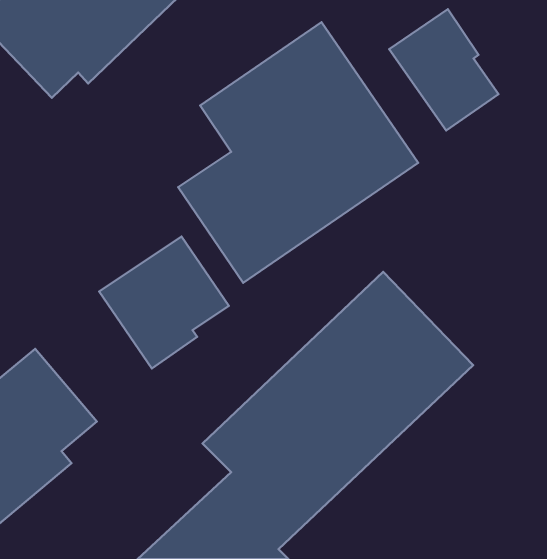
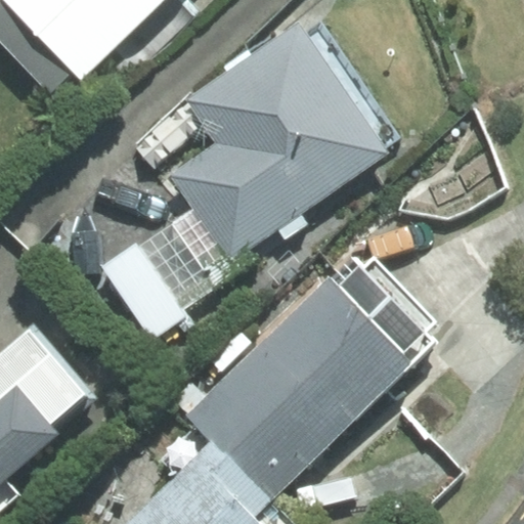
building: [389,9,499,130] -> none

